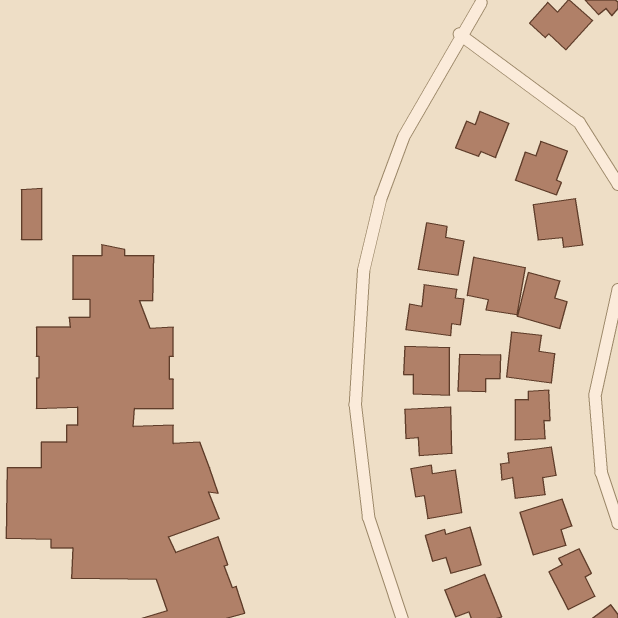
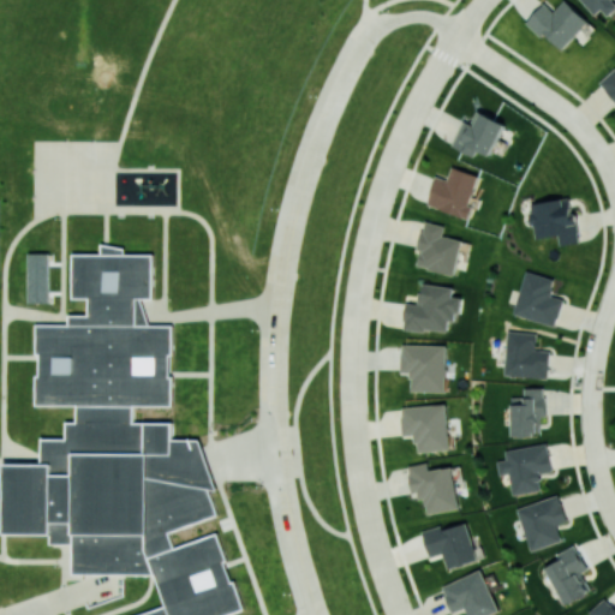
building: [515,141,567,195] -> [426,167,478,220]
building: [21,188,42,239] -> [28,253,48,304]
building: [467,257,525,315] -> none
building: [458,354,500,392] -> none

